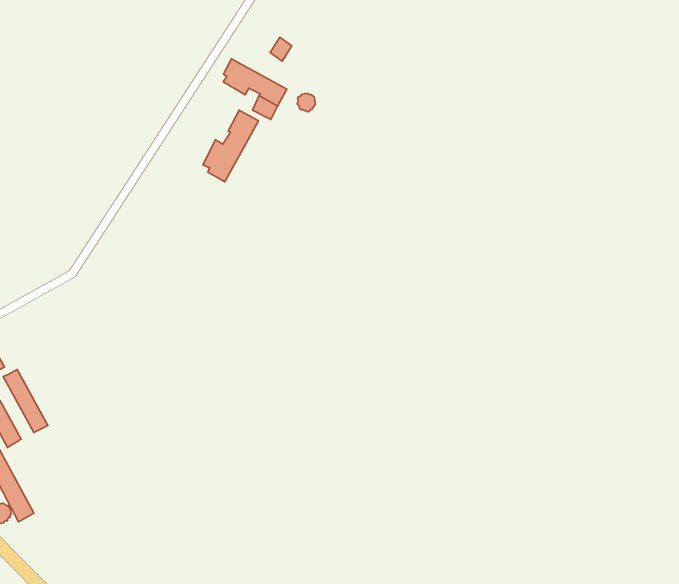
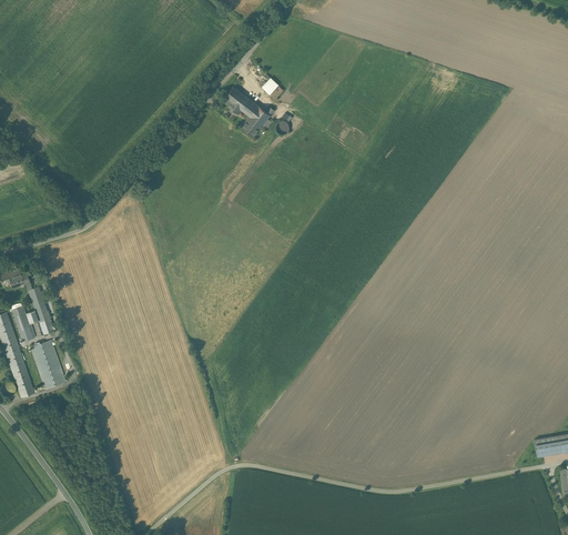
building: [203,110,259,182] -> none
building: none -> [31,340,67,388]

